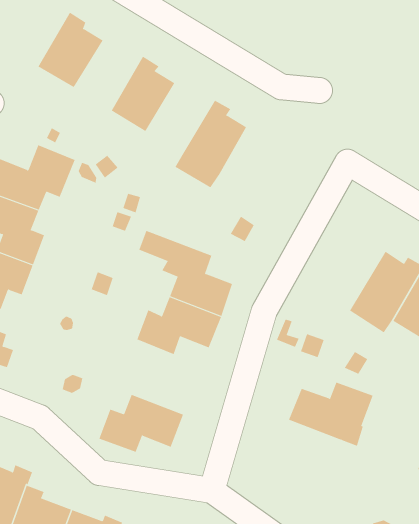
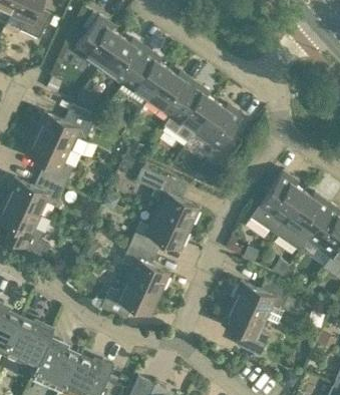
building: none -> [98,36,146,84]
building: none -> [145,68,194,116]
building: none -> [194,101,242,150]
building: none -> [252,170,304,231]
building: none -> [121,242,169,295]
building: none -> [221,303,269,356]

